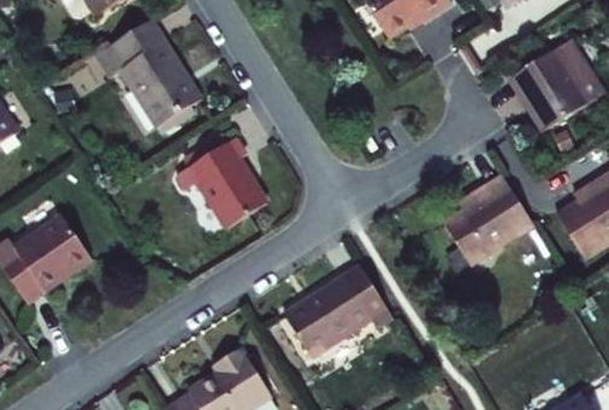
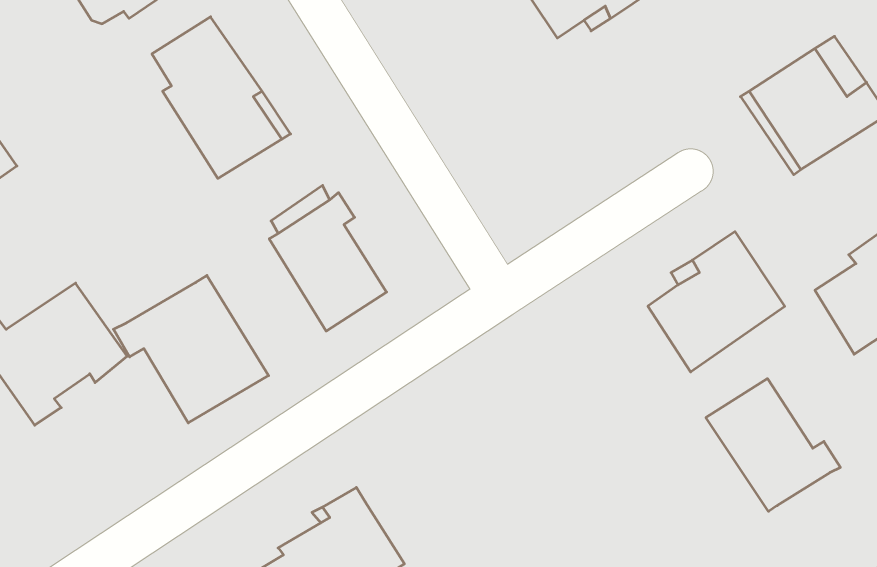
building: none -> [113,275,269,423]
building: [284,260,398,356] -> none
building: none -> [706,379,840,511]

